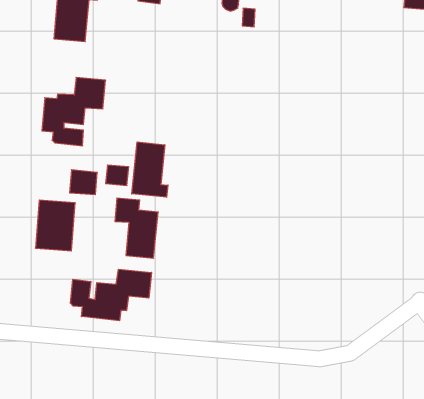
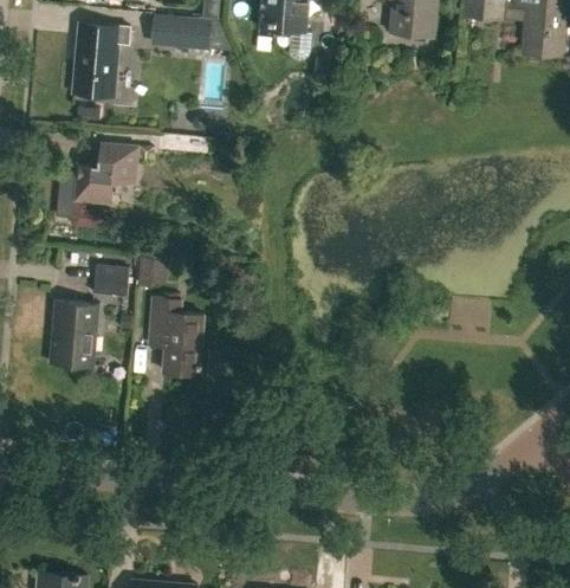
building: [132,142,168,197] -> none
building: [70,269,151,321] -> none

